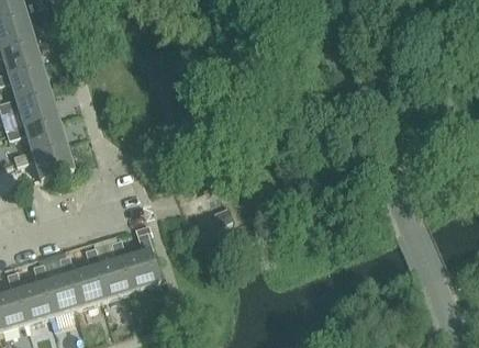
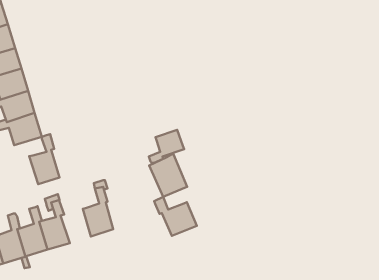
building: none -> [149,130,184,163]
building: [97,239,133,299] -> [29,134,60,184]
building: none -> [154,197,197,236]

